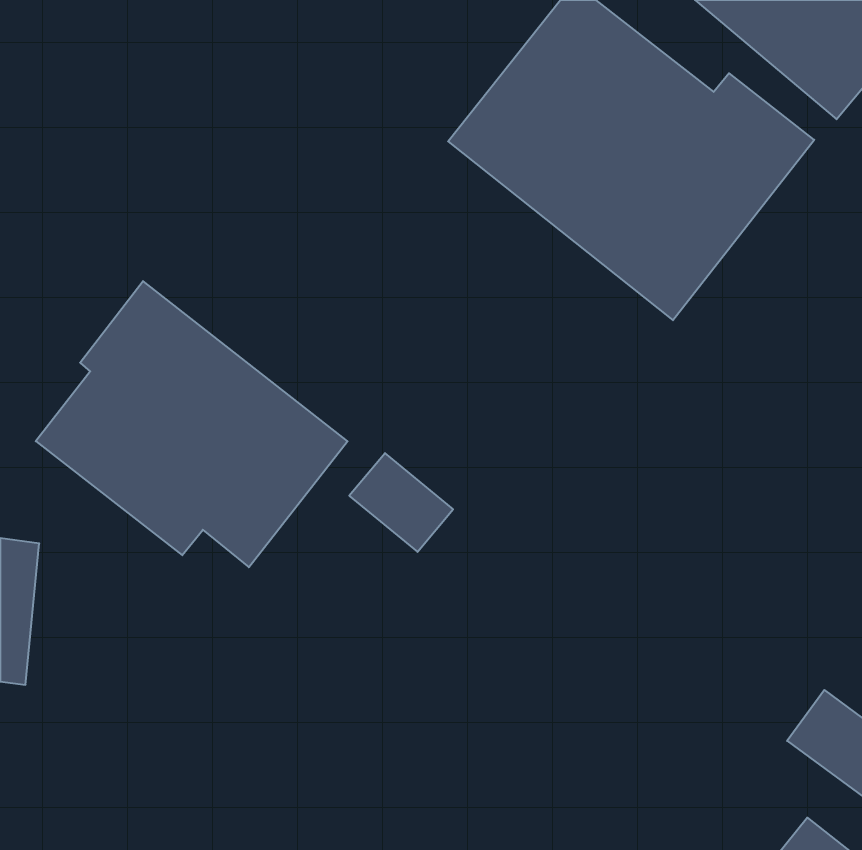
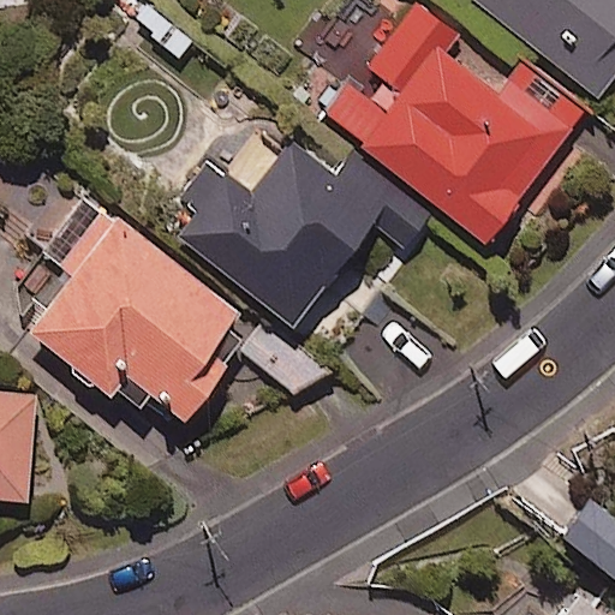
building: none -> [177,141,440,322]

